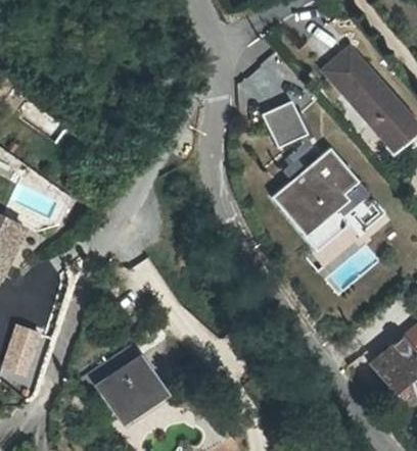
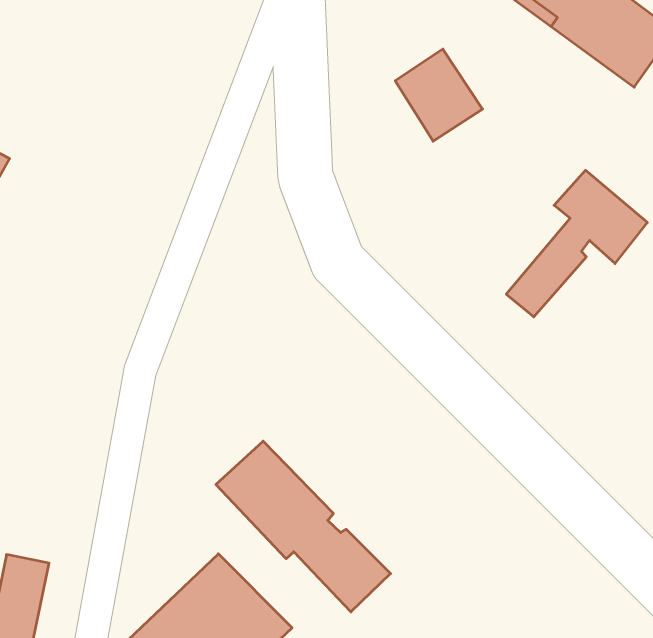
building: [271,147,356,236] -> none
building: none -> [216,441,391,612]

